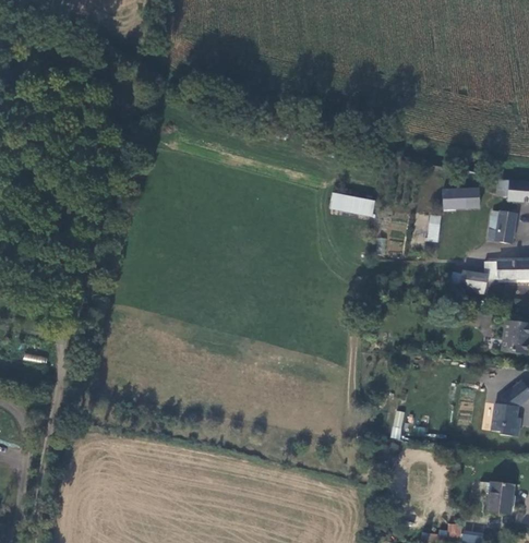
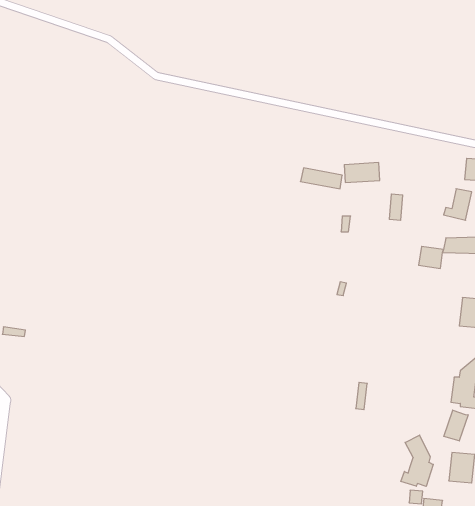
building: [442,186,479,207] -> [344,163,380,182]
building: none -> [444,410,468,441]
building: none -> [401,435,433,486]

